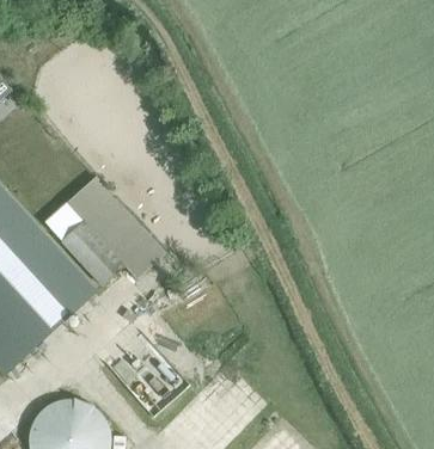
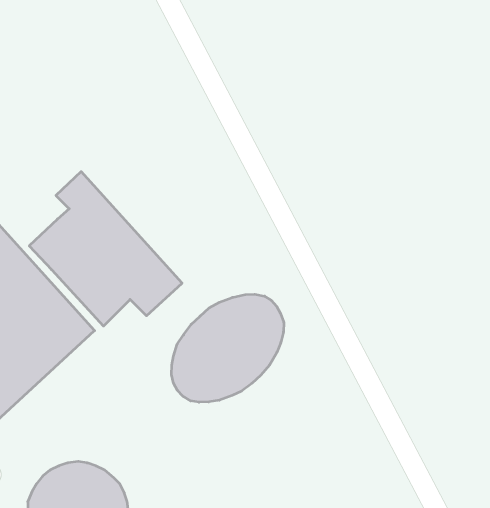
building: none -> [171,294,284,402]

